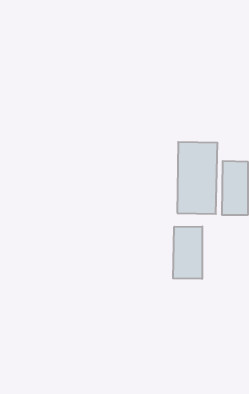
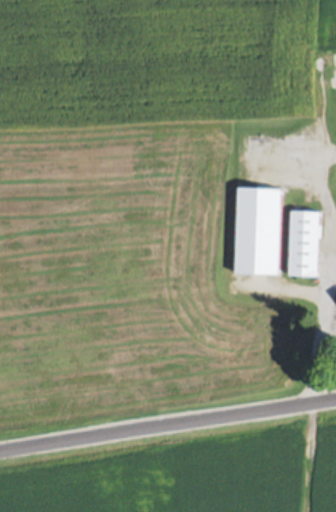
building: [173,226,202,279] -> none

